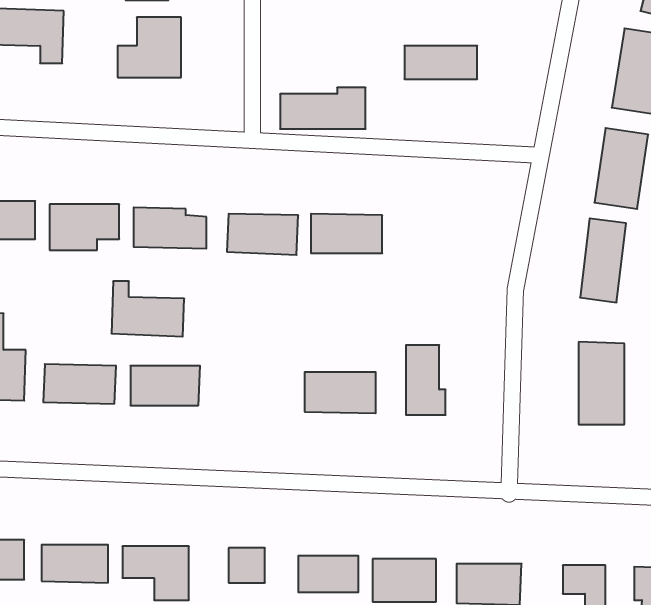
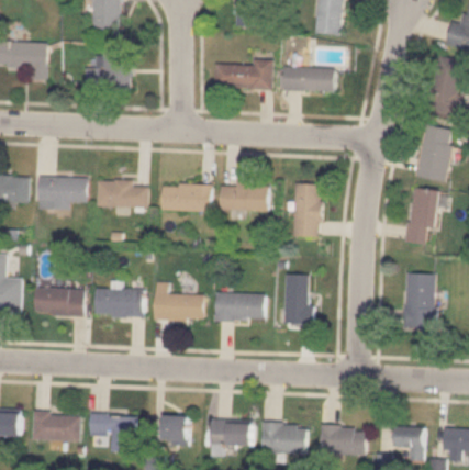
building: [280,88,366,129] -> [213,59,272,88]
building: none -> [293,183,320,236]
building: [111,281,184,337] -> [153,282,203,321]

